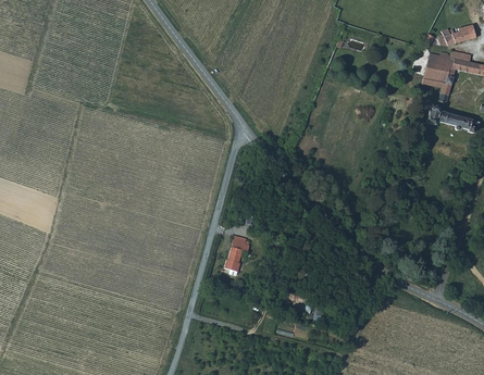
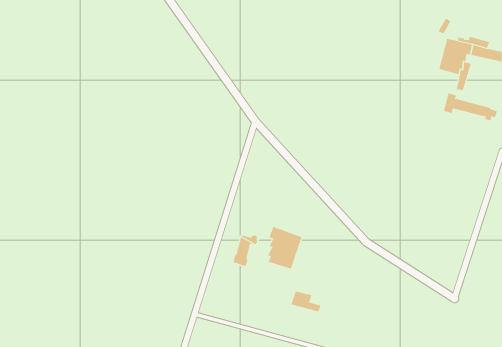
building: [438,25,475,45] -> none
building: none -> [267,226,302,270]

